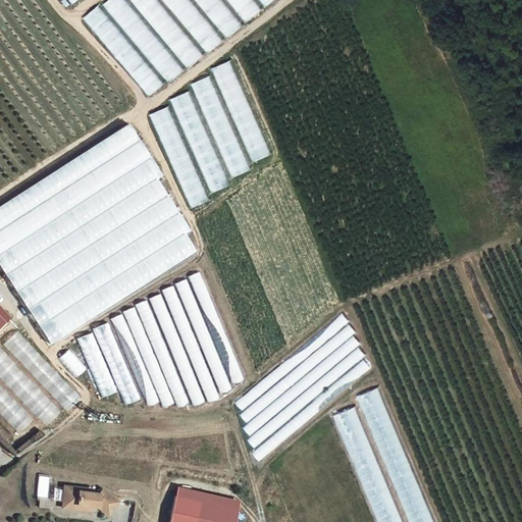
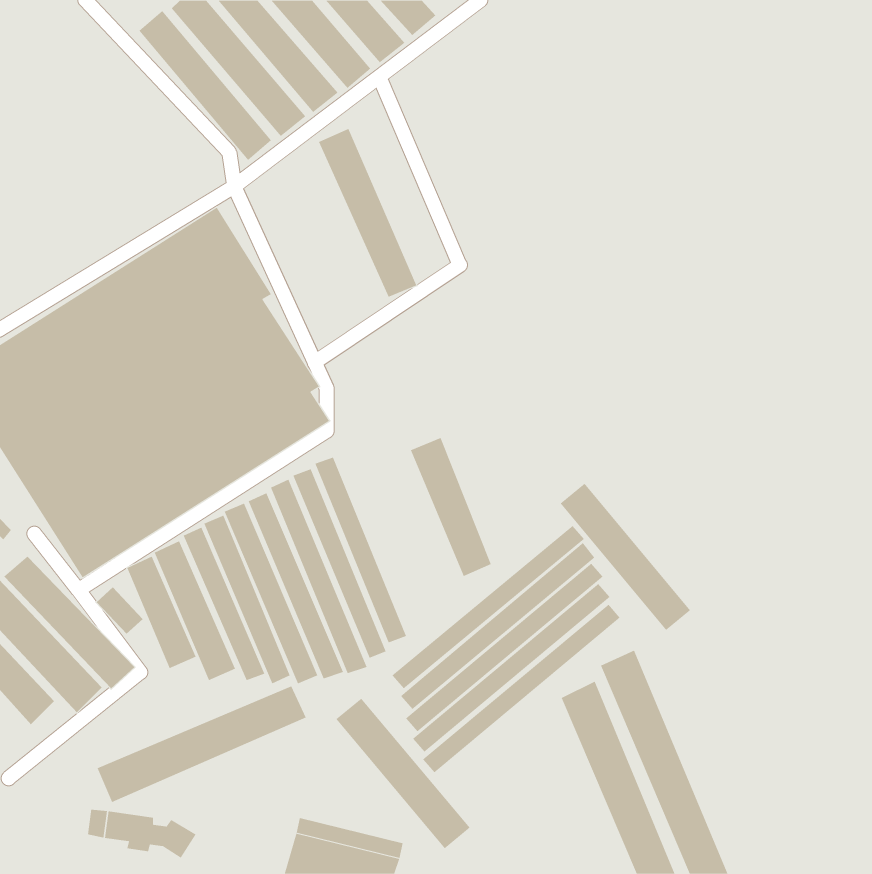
building: [210,61,269,162] -> none
building: [169,93,228,194] -> none
building: [148,107,207,208] -> none
building: none -> [410,437,492,577]
building: none -> [560,483,691,631]
building: none -> [97,685,307,803]
building: none -> [335,698,471,849]

